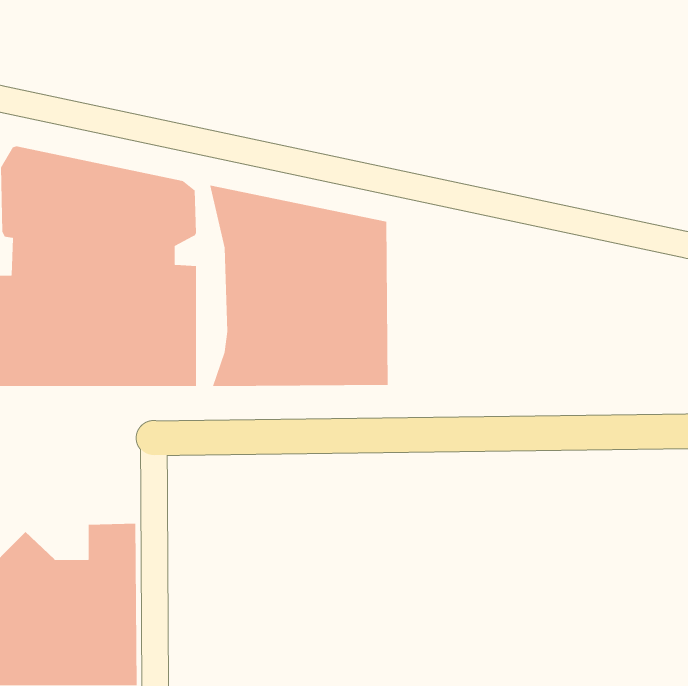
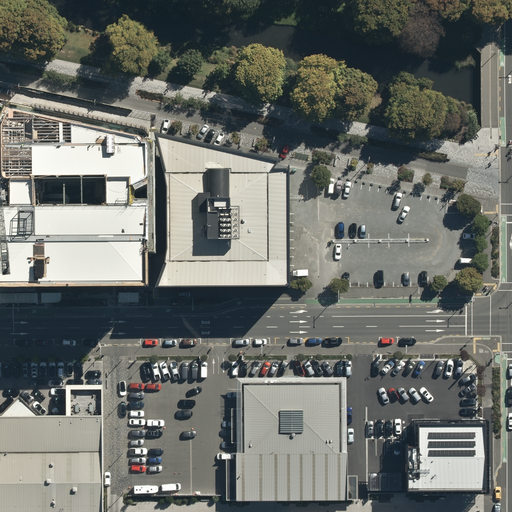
building: none -> [234,386,346,504]
building: none -> [404,429,480,490]

